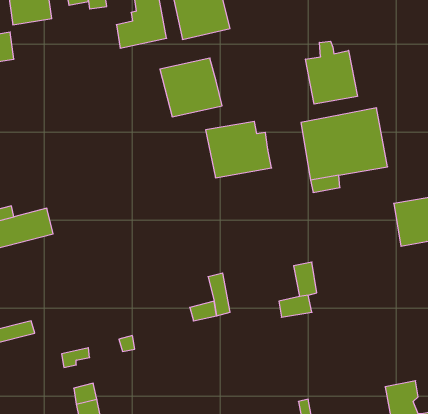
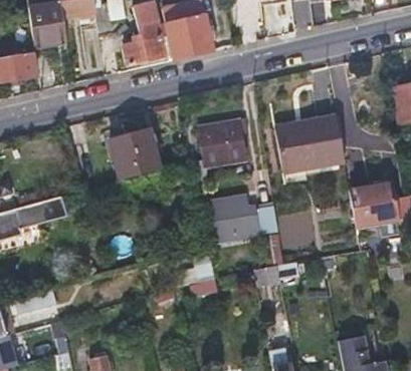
building: [306,41,357,104] -> none
building: [160,58,222,117] -> [110,134,161,182]
building: none -> [209,196,279,241]

